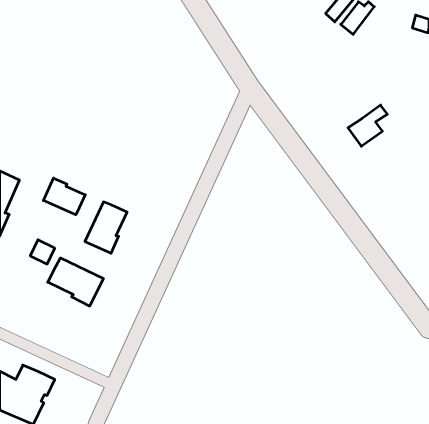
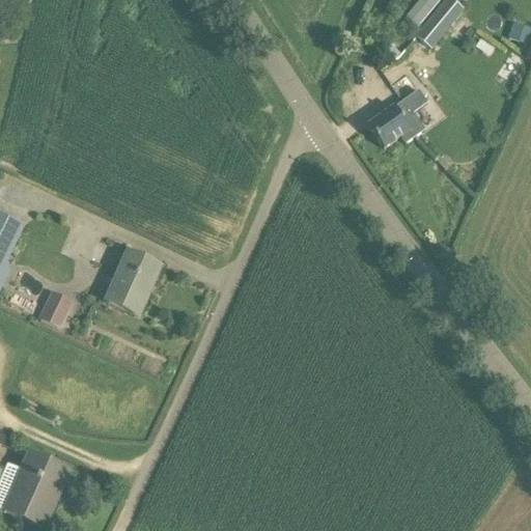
building: [348,105,387,146] -> [366,94,415,145]
building: [43,178,85,215] -> none
building: [48,258,103,306] -> none

